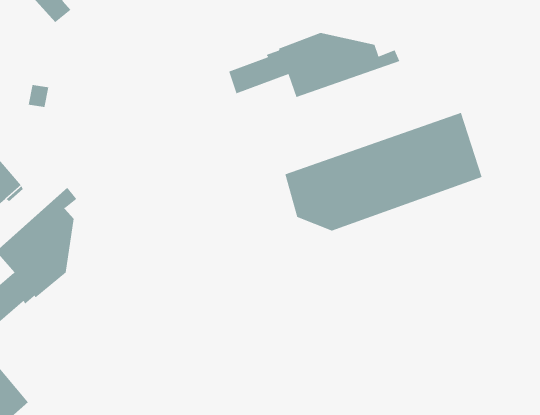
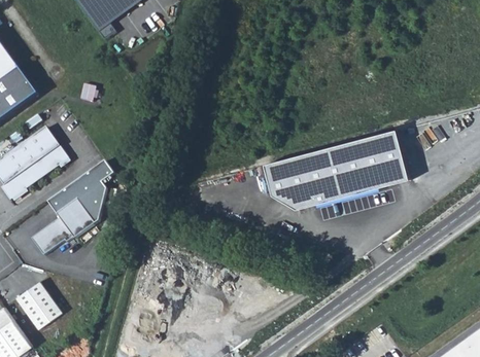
building: [228,32,400,98] -> none

